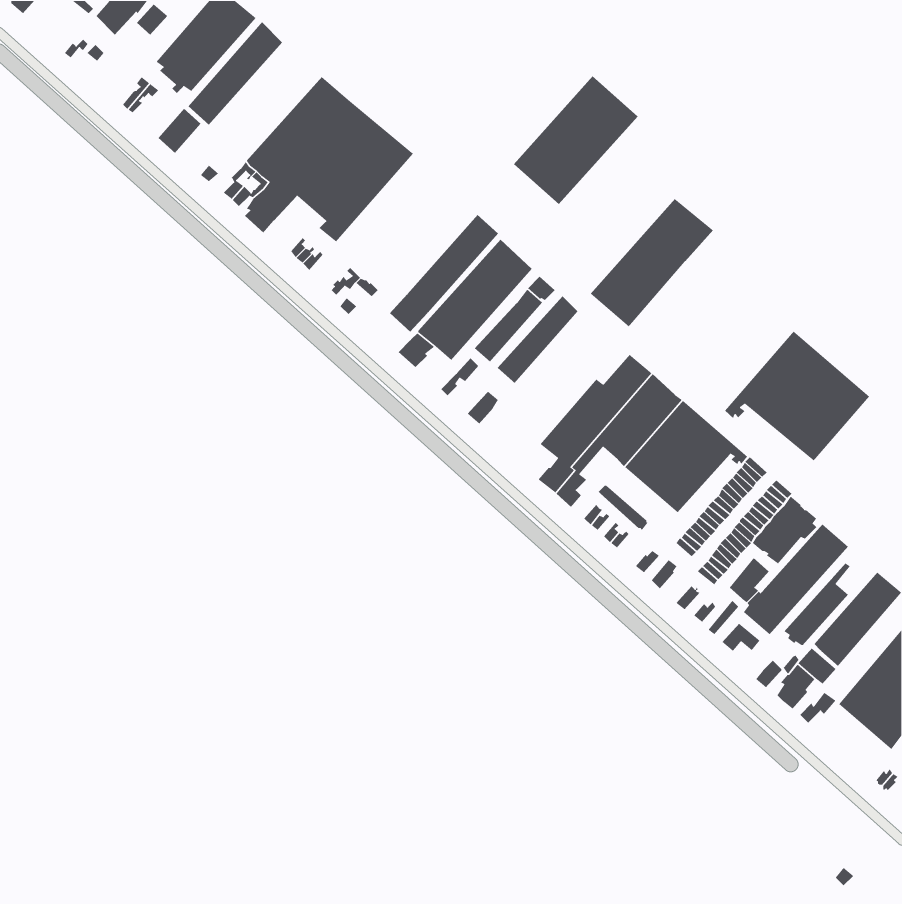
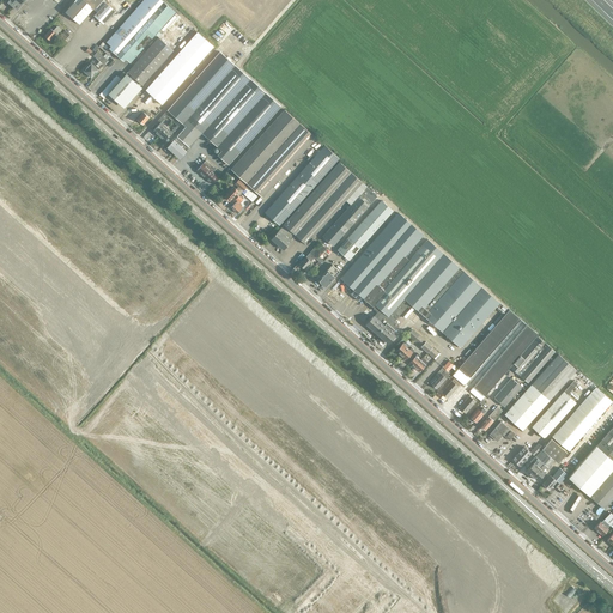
building: none -> [145,31,212,104]
building: [513,76,639,205] -> [230,109,315,196]
building: [590,198,714,327] -> [339,213,423,301]
building: [724,330,870,462] -> none

